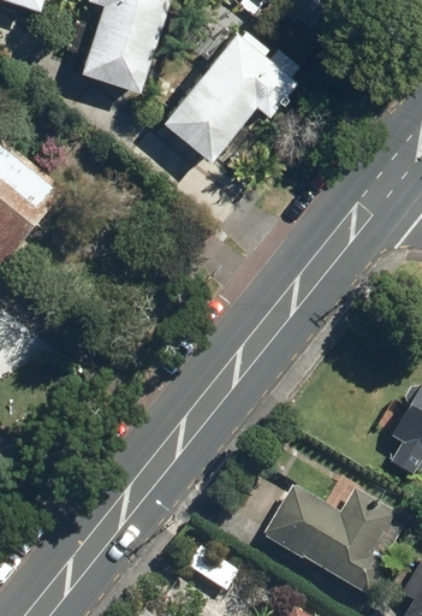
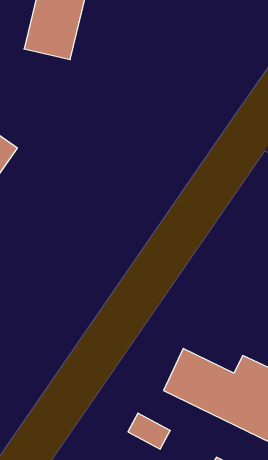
building: [166,24,304,155] -> none

